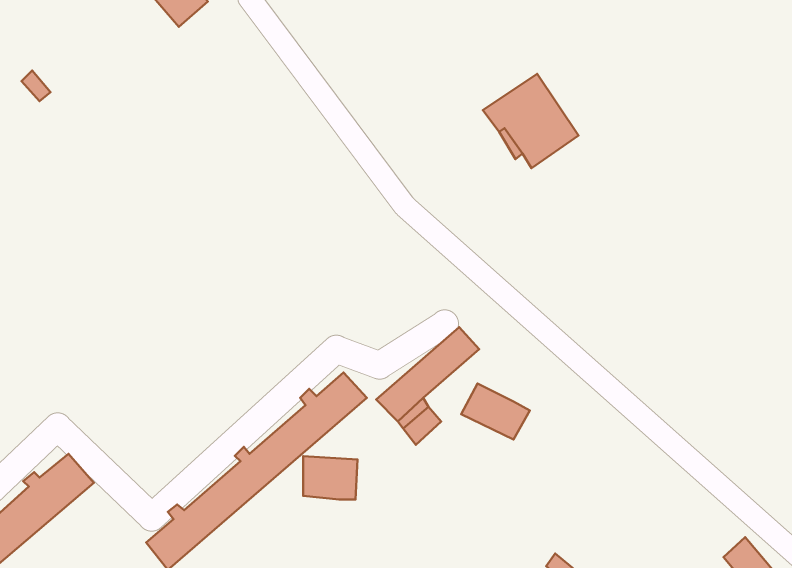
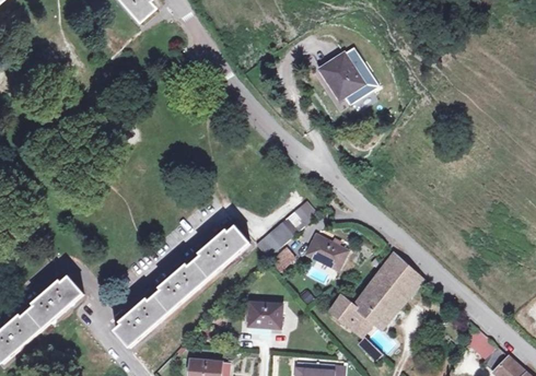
building: none -> [329,251,423,337]
building: [303,456,357,499] -> [249,301,282,327]

